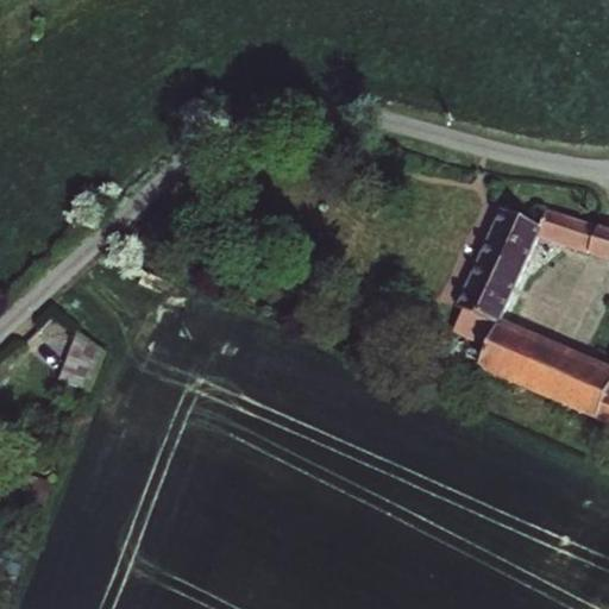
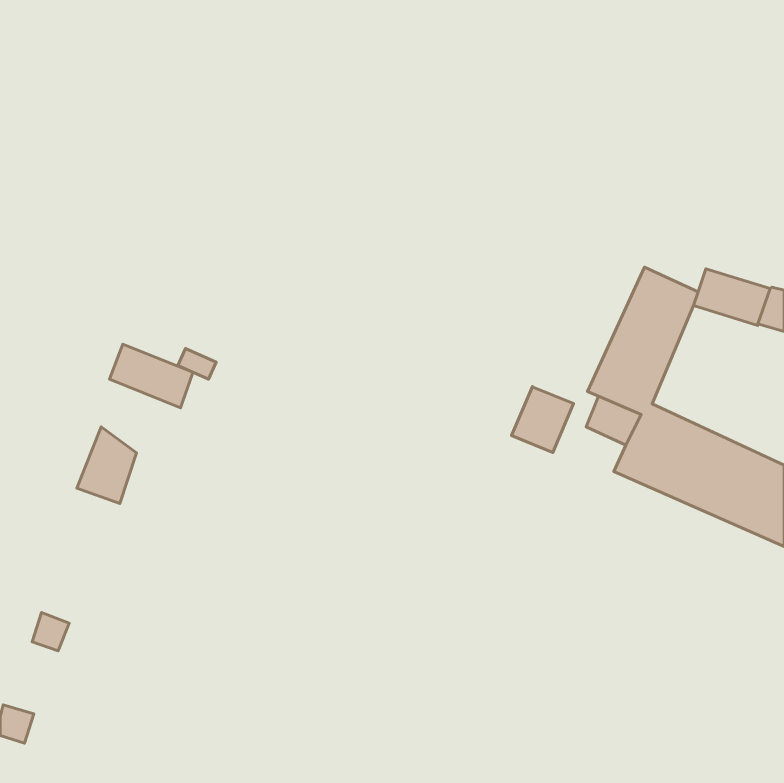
building: none -> [110,344,194,408]
building: none -> [512,387,574,452]

